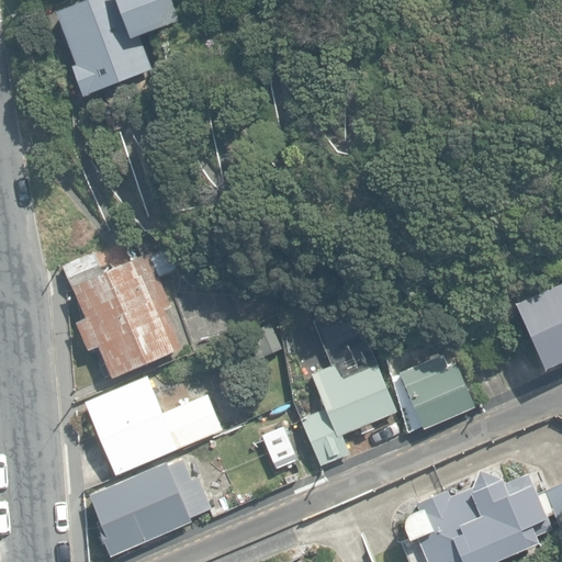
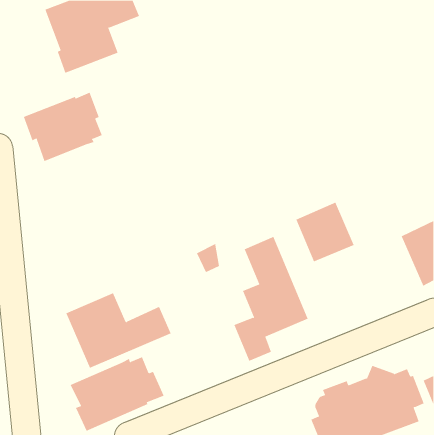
building: none -> [23,92,103,162]
building: [61,229,181,379] -> none
building: [400,351,475,429] -> [296,202,354,262]

